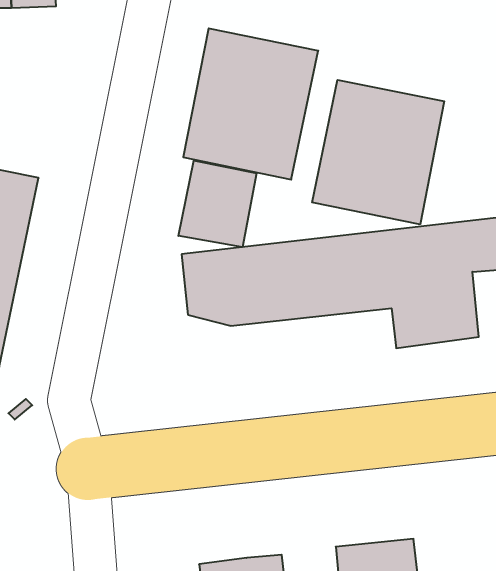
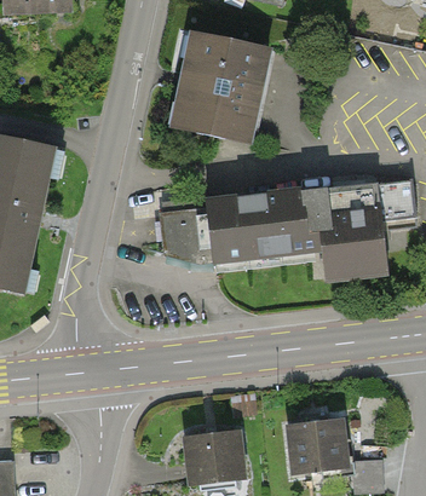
building: [312,80,444,224] -> none
building: [178,161,256,247] -> none

